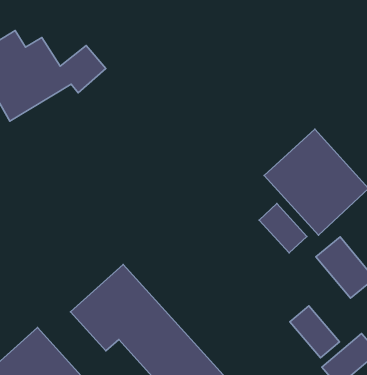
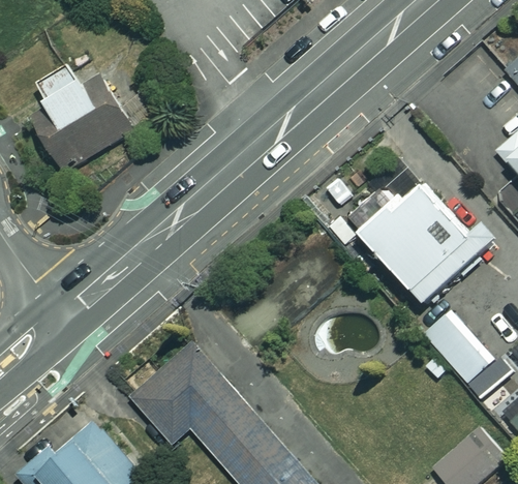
building: [259,204,307,253] -> none
building: [290,306,340,358] -> none

